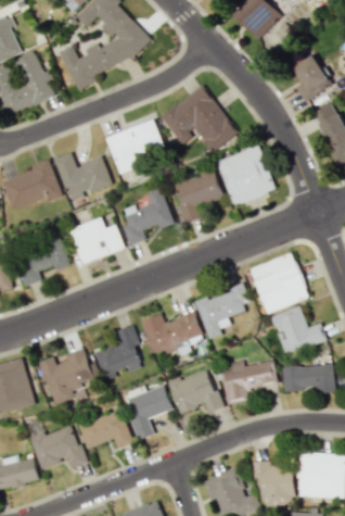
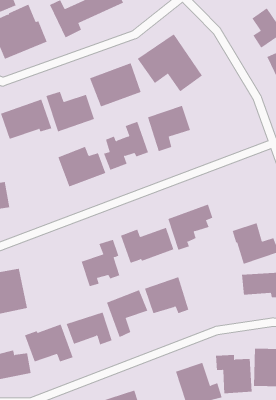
building: [217,147,274,206] -> none
building: [14,240,71,287] -> none
building: [251,252,309,314] -> none
building: [38,349,102,406] -> none
building: [220,361,278,402] -> none

